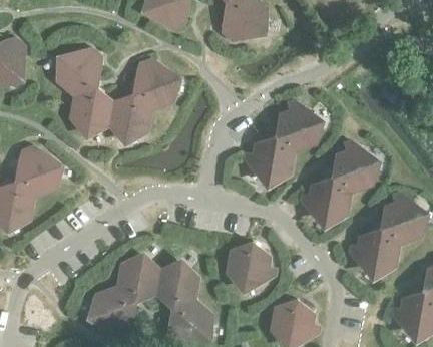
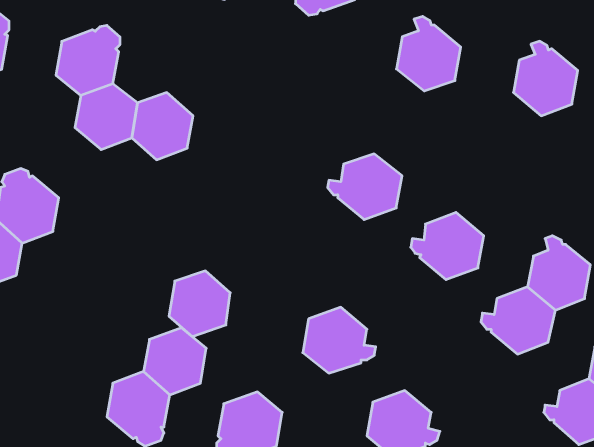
building: [133,59,177,110] -> none
building: [276,100,320,151] -> [396,16,461,91]
building: [332,141,376,193] -> [513,41,578,116]
building: [156,263,198,308] -> [169,271,230,337]

